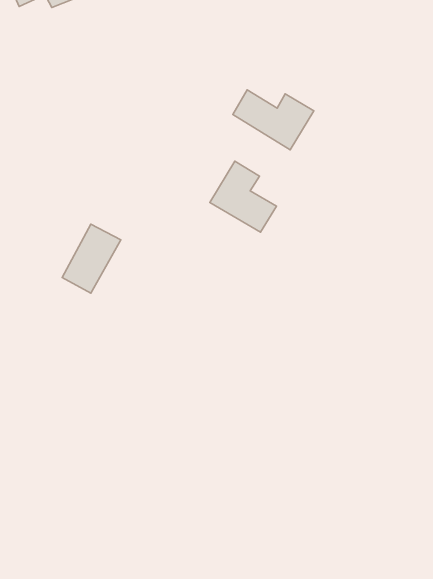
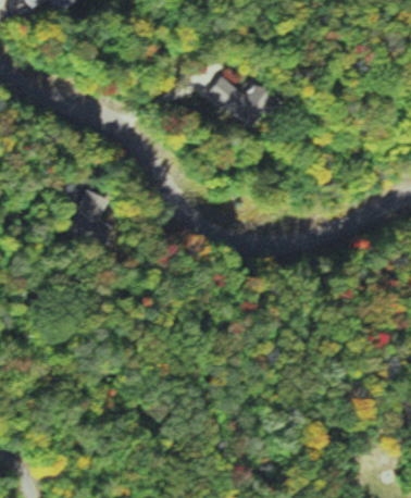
building: [210,161,277,232] -> none

